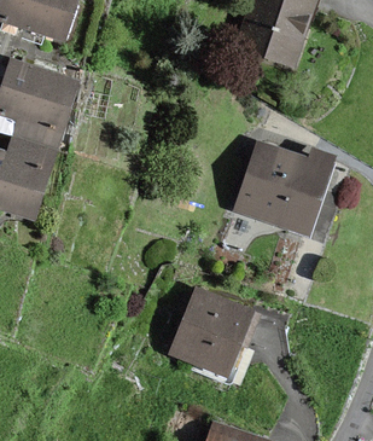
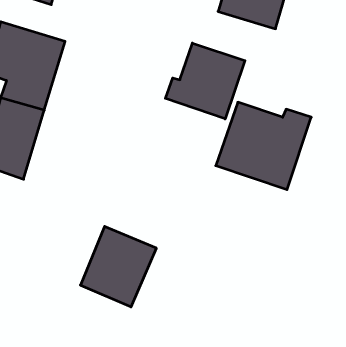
building: none -> [165,43,245,119]
building: [175,288,255,372] -> [80,226,156,307]

